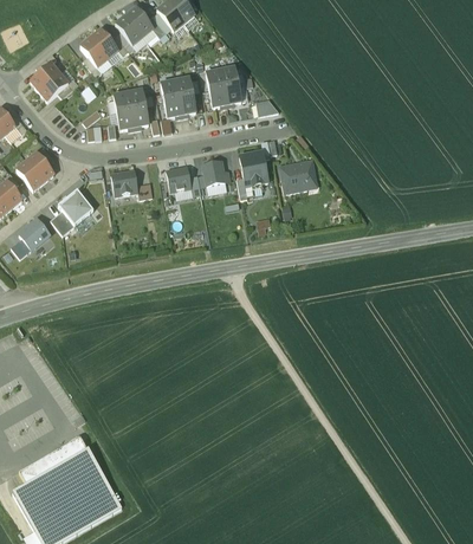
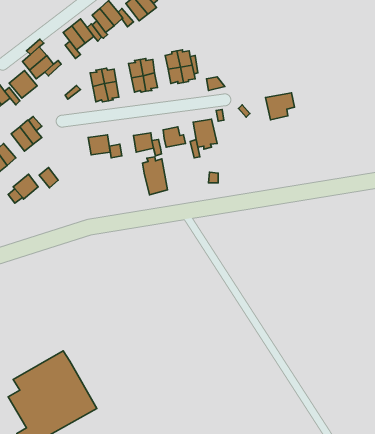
building: none -> [9,71,37,98]
building: [280,158,316,192] -> [266,93,294,120]
building: [59,188,95,225] -> none
building: none -> [143,157,167,195]

